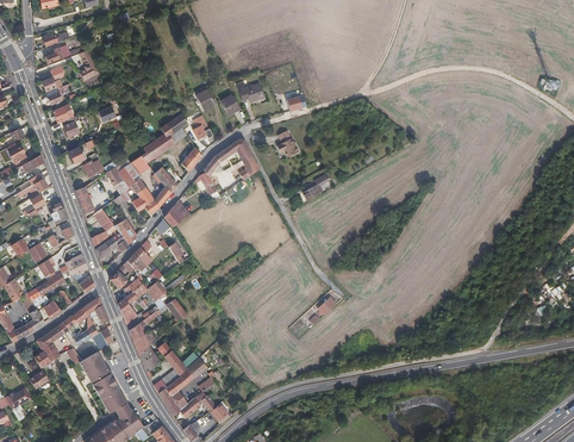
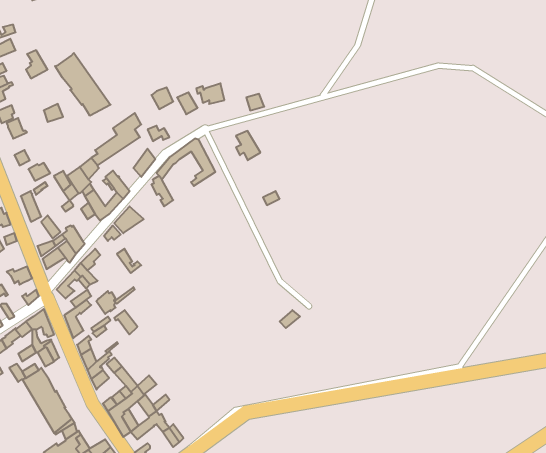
building: none -> [55,53,111,116]

